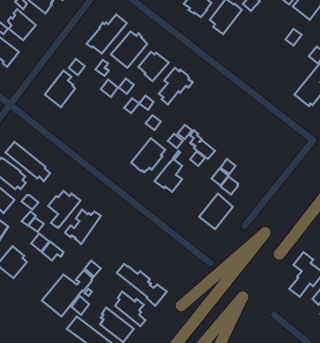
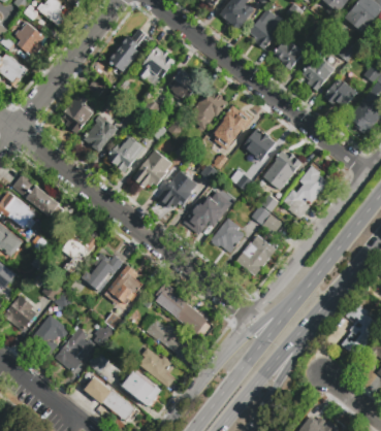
building: none -> [273,39,305,71]
building: none -> [297,49,336,90]
building: none -> [323,77,358,107]
building: none -> [212,107,251,147]
building: none -> [82,113,118,153]
building: none -> [242,128,276,161]
building: none -> [106,133,145,173]
building: none -> [132,148,171,187]
building: none -> [263,151,303,189]
building: none -> [284,164,329,218]
building: none -> [211,217,245,252]
building: none -> [104,264,142,305]
building: none -> [155,284,208,333]
building: none -> [32,313,69,352]

